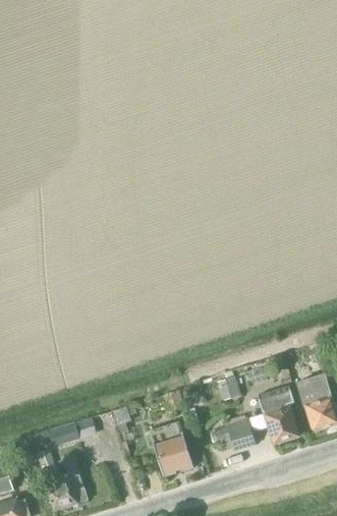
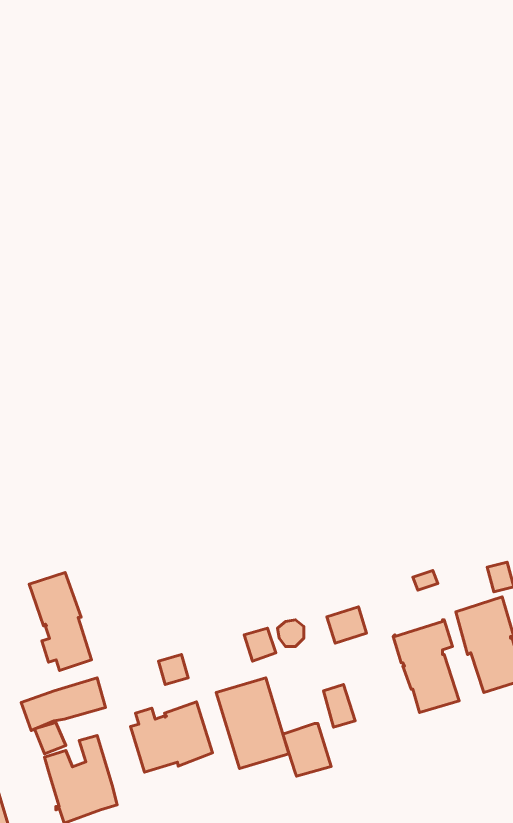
building: none -> [29,573,91,670]
building: [227,417,257,450] -> [283,723,331,776]
building: none -> [130,702,212,772]

